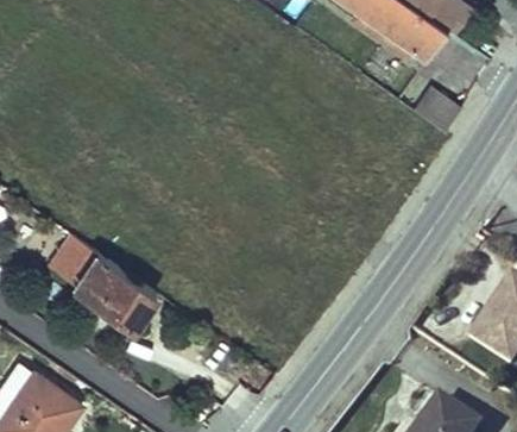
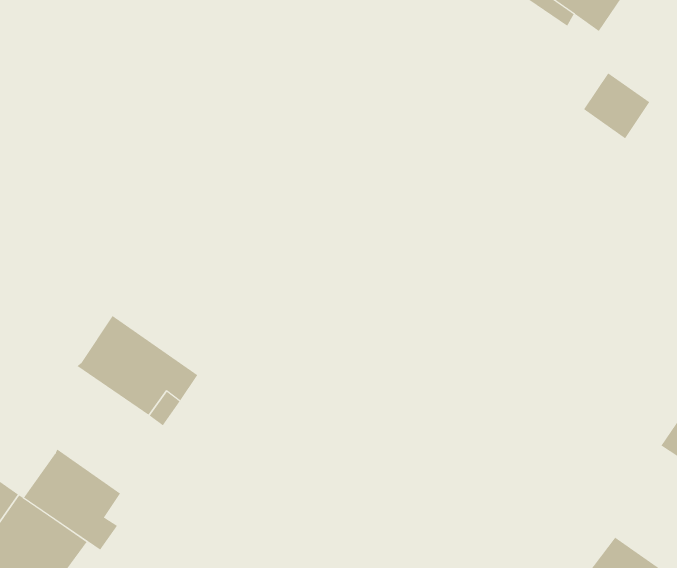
building: [48,233,96,283] -> none
building: none -> [23,449,121,550]

